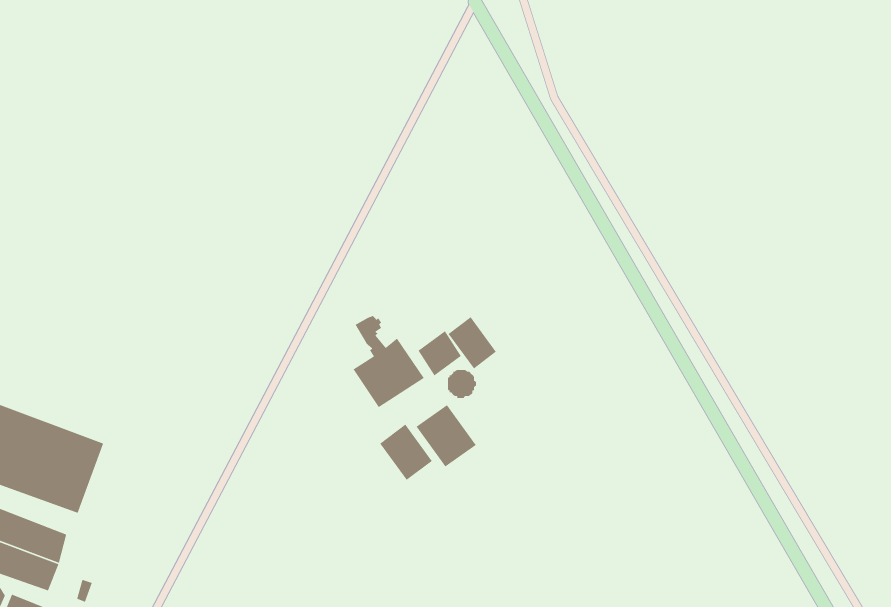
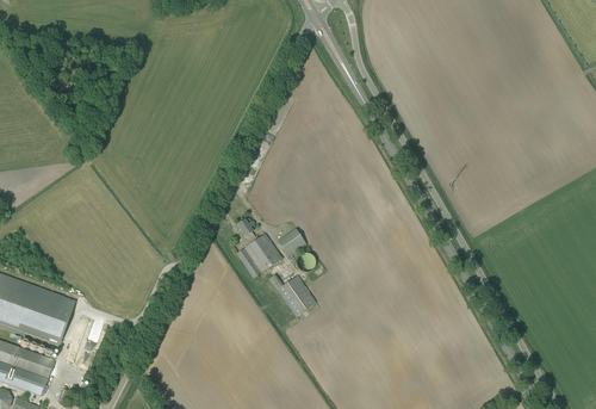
building: [448,316,497,370] -> none
building: [379,424,433,481] -> none

